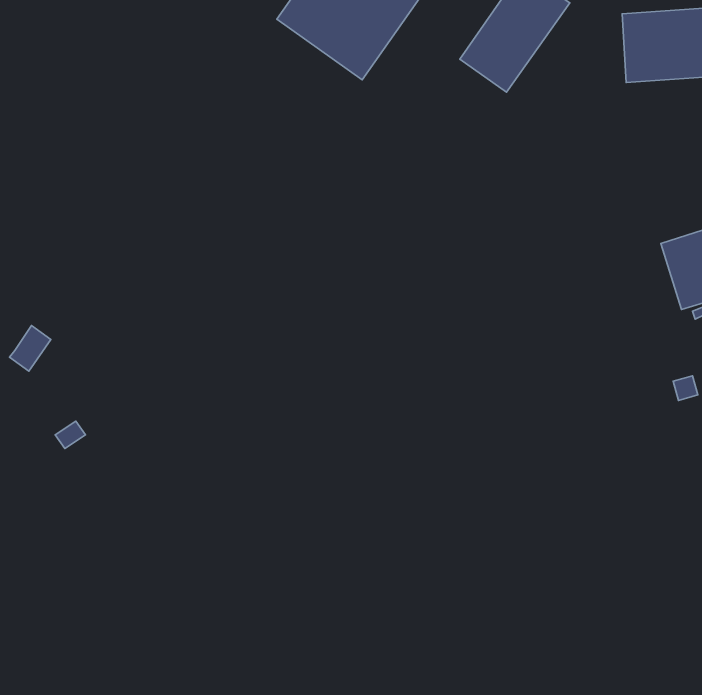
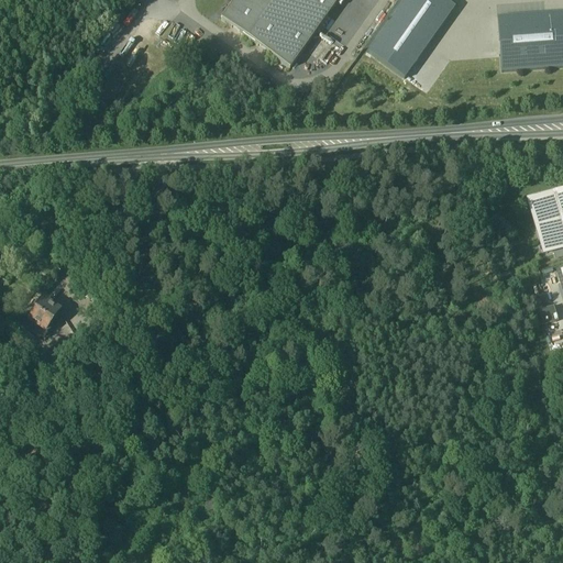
building: [9,326,51,371] -> [26,296,59,332]

